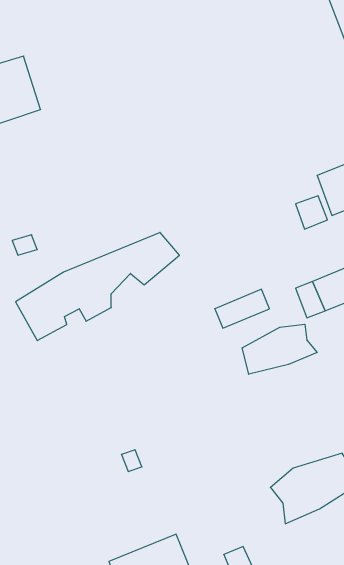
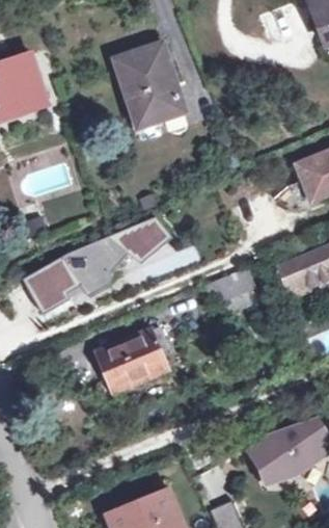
building: none -> [115,45,183,126]
building: [242,324,317,374] -> none
building: none -> [94,327,166,408]

